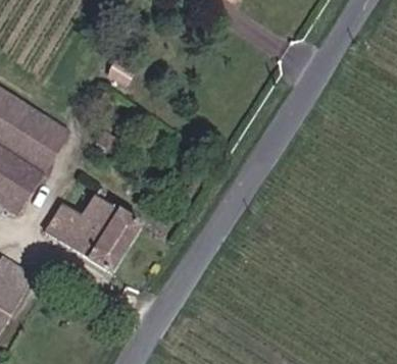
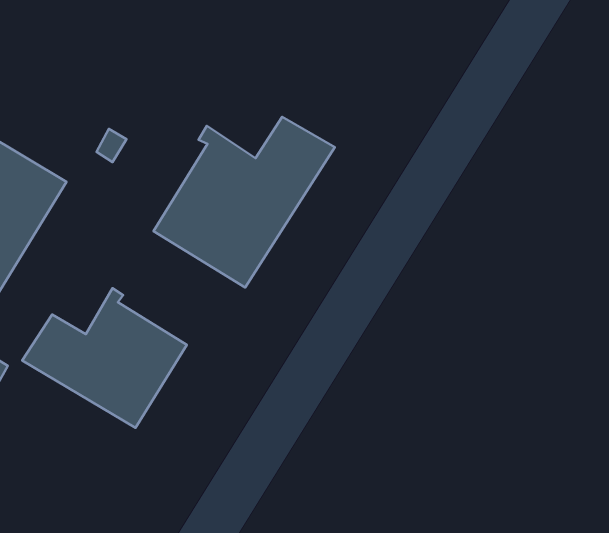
building: none -> [153,117,335,288]

